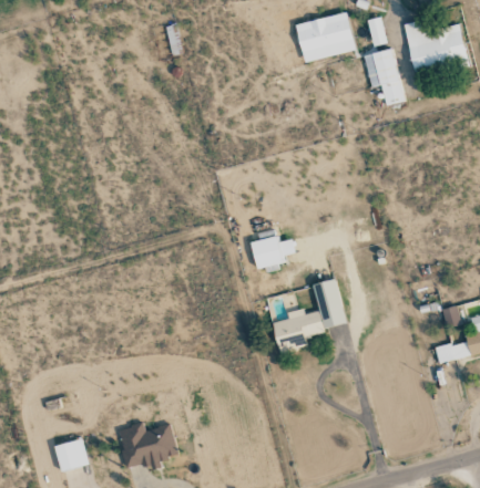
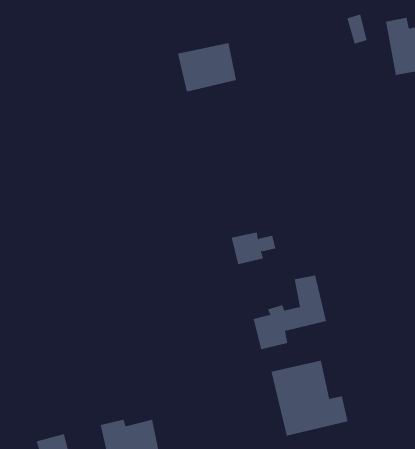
building: [295,12,355,62] -> [177,43,237,92]
building: [362,48,405,105] -> none
building: none -> [271,360,348,436]

